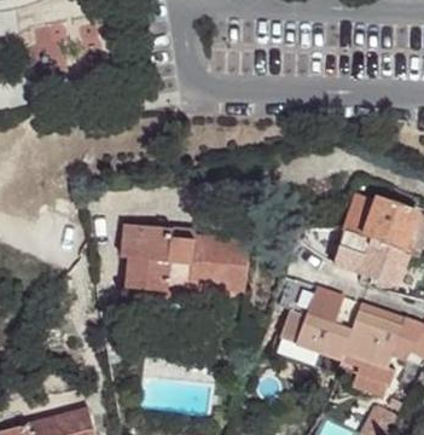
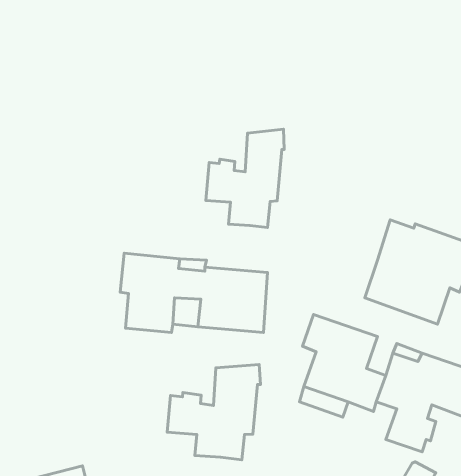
building: none -> [206,129,284,228]
building: none -> [167,365,260,460]

